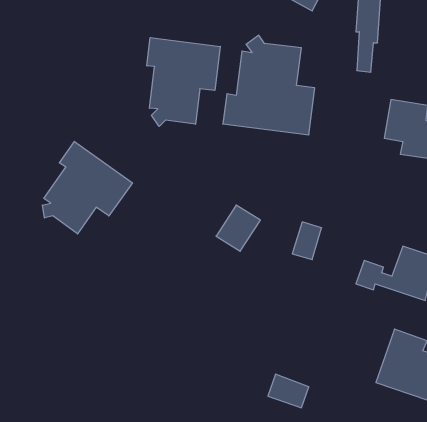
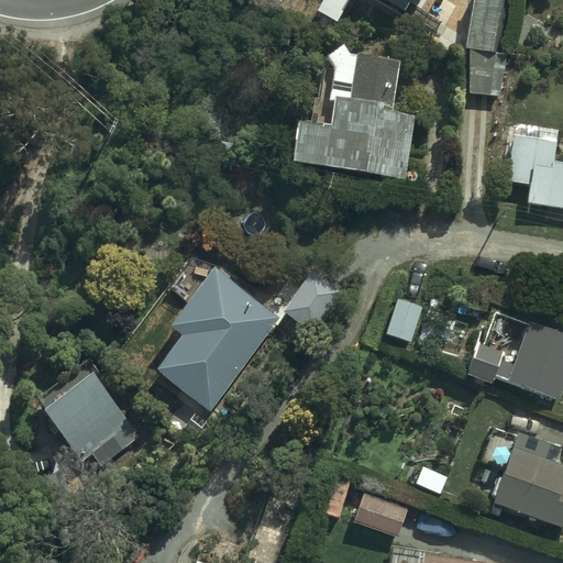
building: [147,38,220,126] -> none
building: [42,141,132,234] -> none
building: none -> [157,267,279,409]
building: none -> [44,374,139,462]

